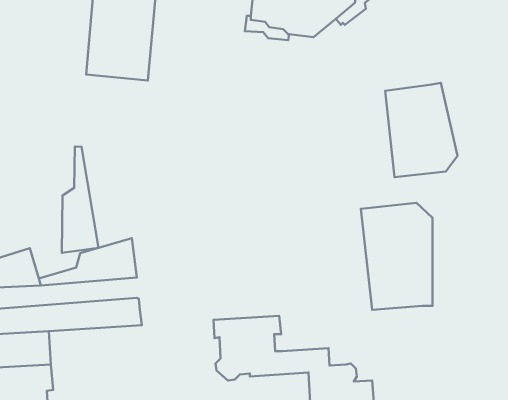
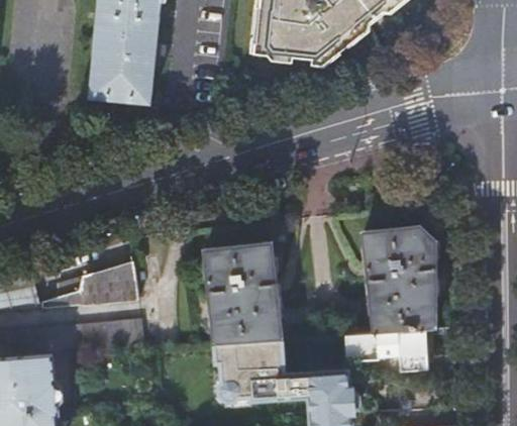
building: [385,83,458,177] -> none
building: [62,146,98,253] -> none
building: none -> [204,241,281,342]
building: none -> [342,328,426,369]

